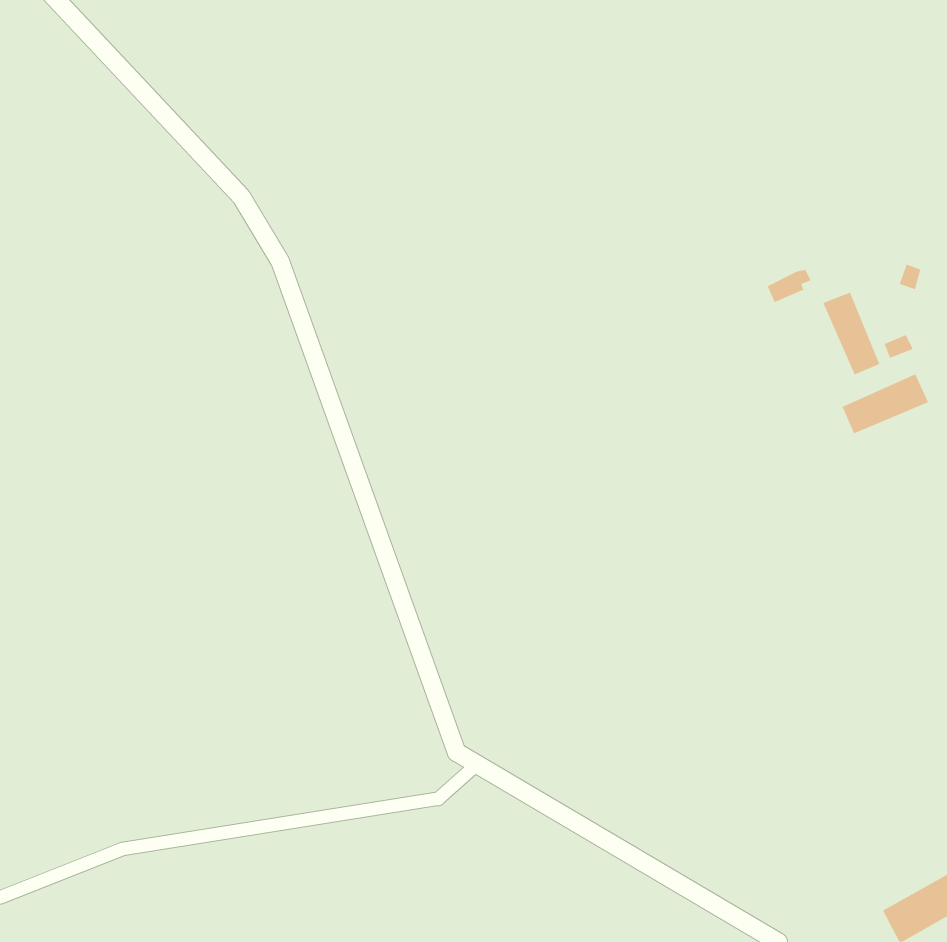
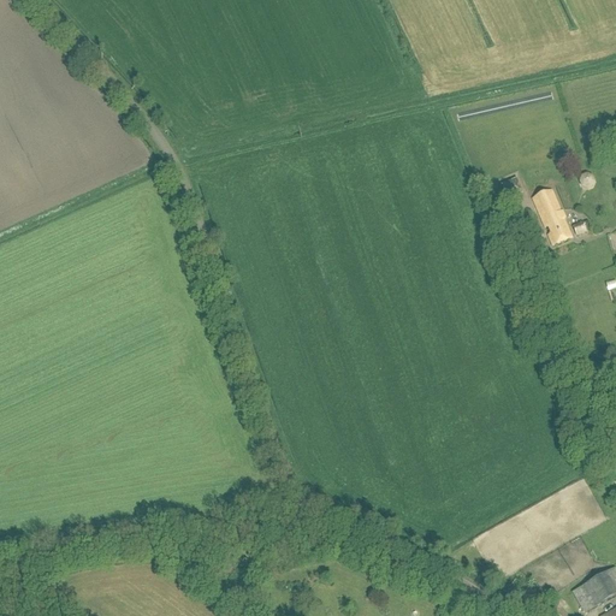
building: [842,373,929,434] -> none

